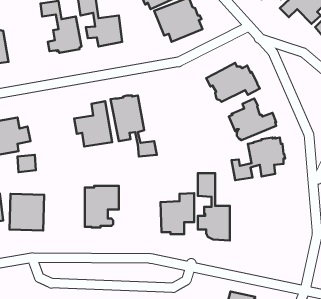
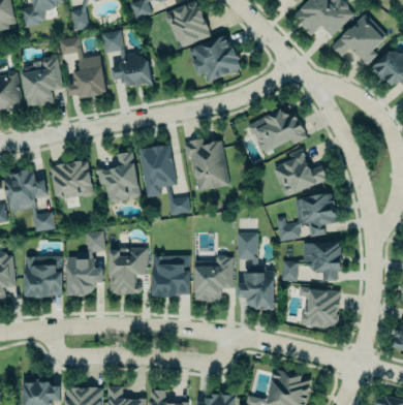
building: none -> [22,58,63,106]
building: none -> [184,138,230,192]
building: none -> [51,160,94,199]
building: none -> [67,230,105,295]
building: none -> [282,242,342,282]
building: none -> [151,257,189,298]
building: none -> [299,286,339,329]

